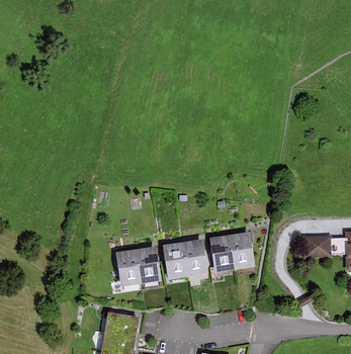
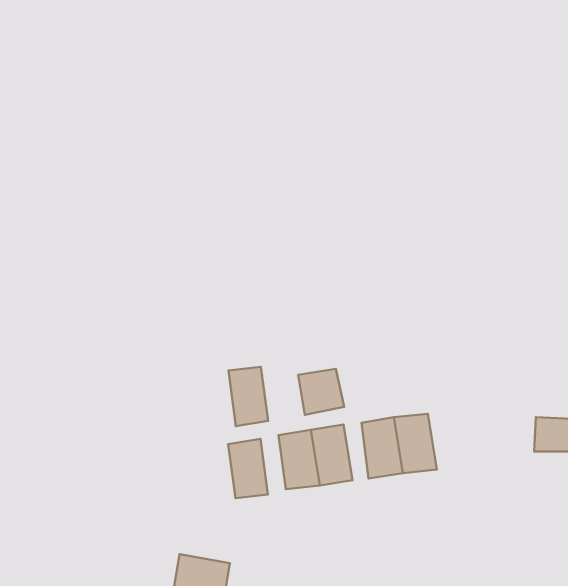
building: none -> [298,369,344,415]
building: [116,252,139,285] -> [229,367,268,426]

